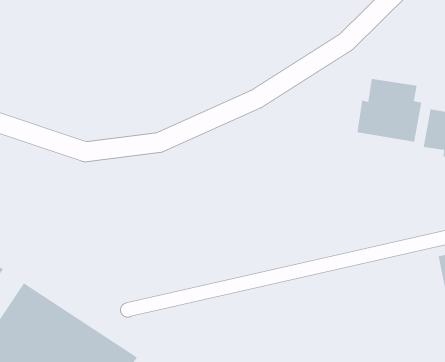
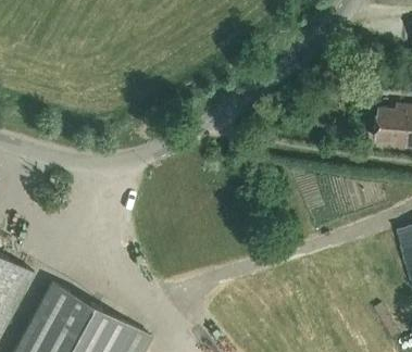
building: [357,78,422,142] -> none

